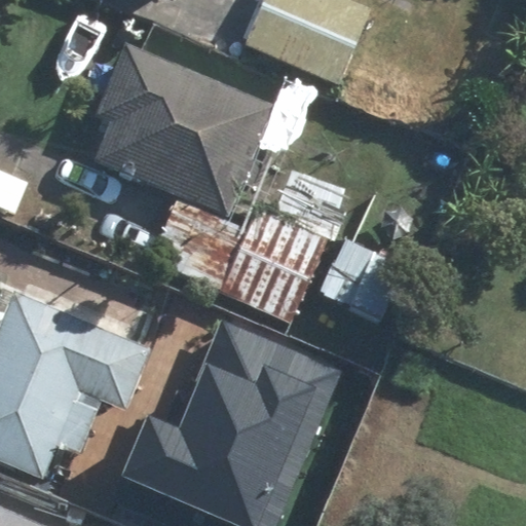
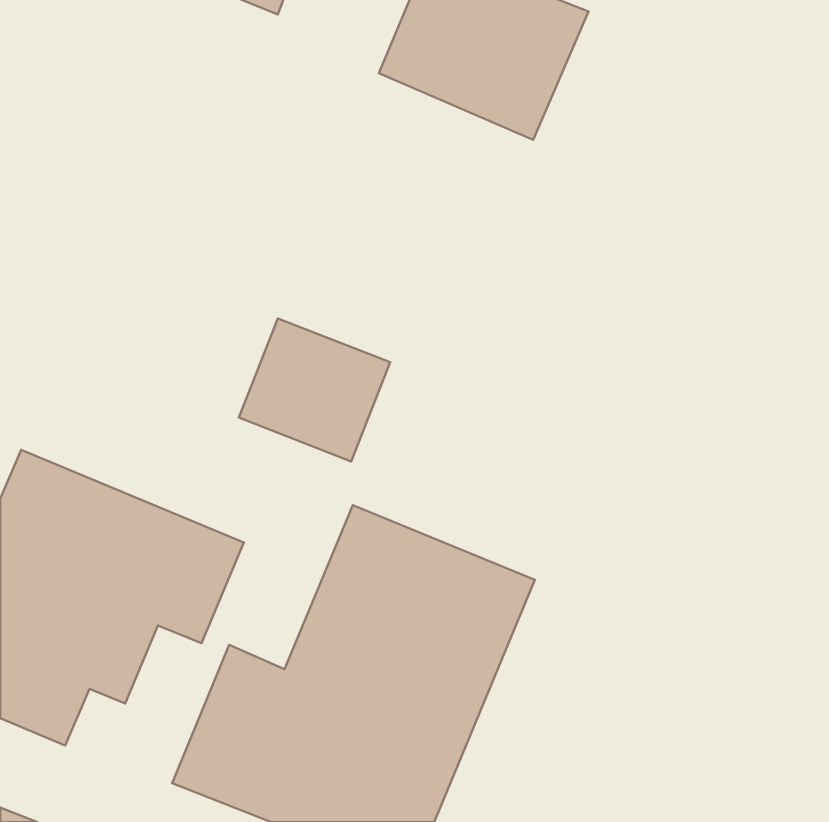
building: [96,47,274,218] -> none
building: [223,213,330,321] -> none

